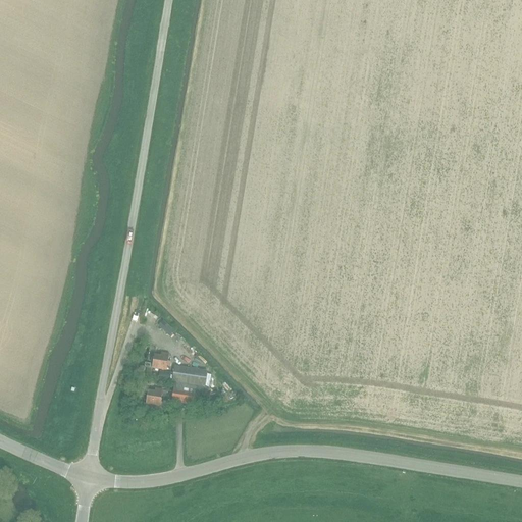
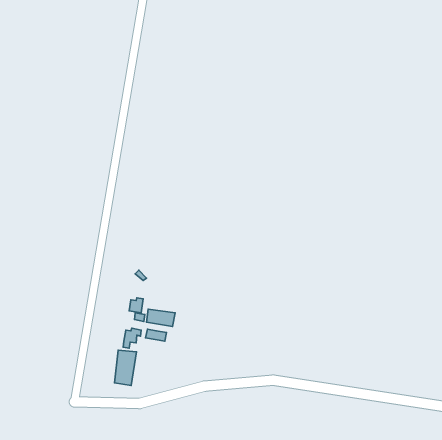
building: none -> [114,350,136,385]

